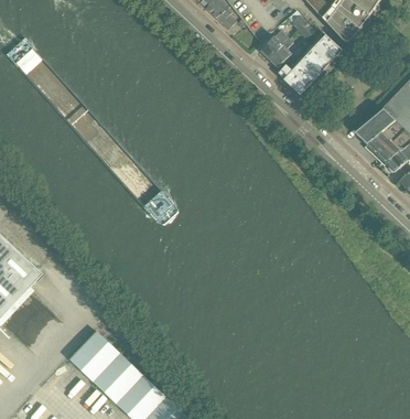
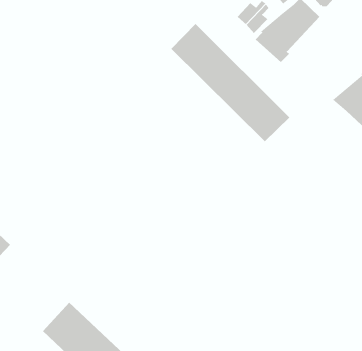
building: none -> [171,23,290,142]

